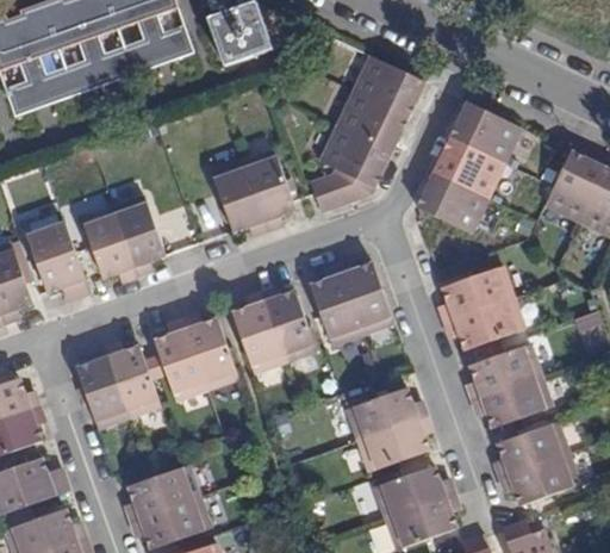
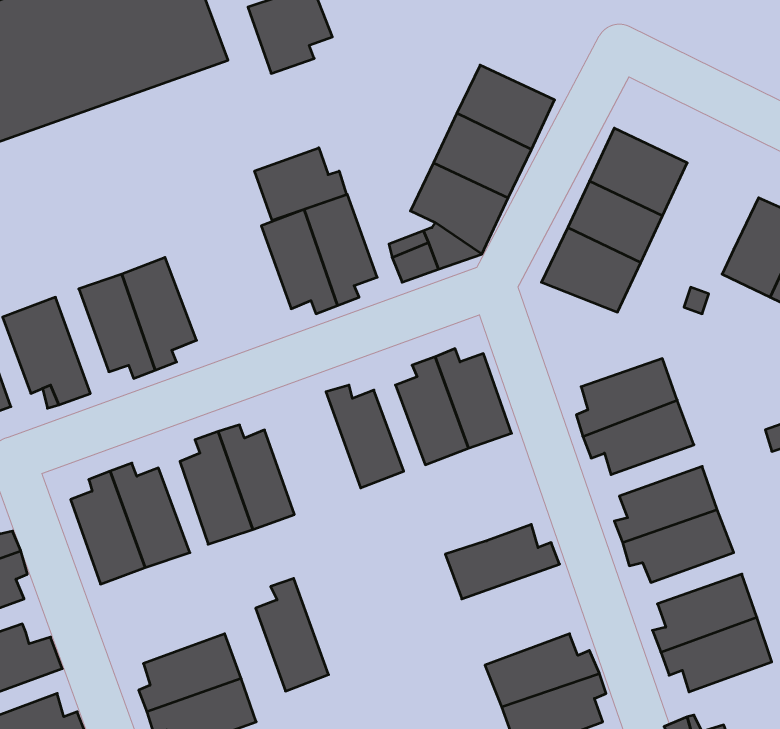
building: none -> [255,148,346,220]
building: [232,291,285,372] -> [256,578,329,691]
building: [357,415,434,472] -> none

